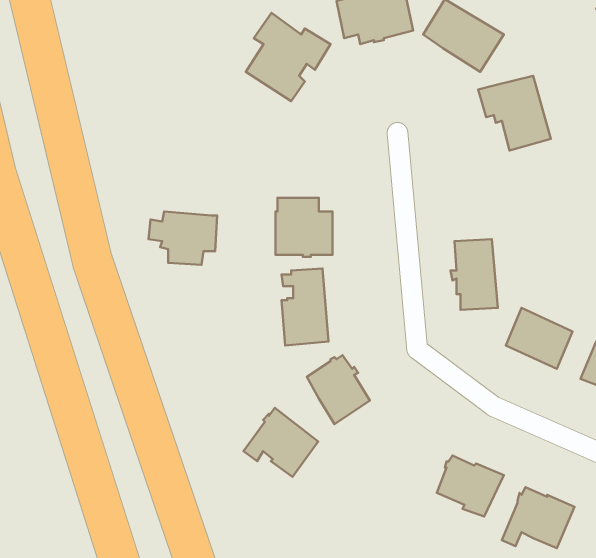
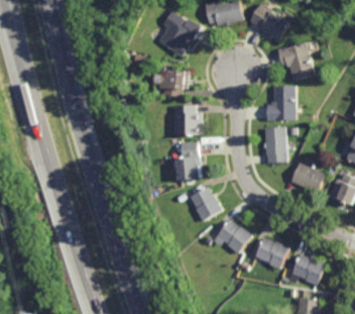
building: none -> [265,85,294,120]
building: [148,212,217,265] -> [152,69,188,96]
building: [243,408,318,477] -> [213,218,251,253]

